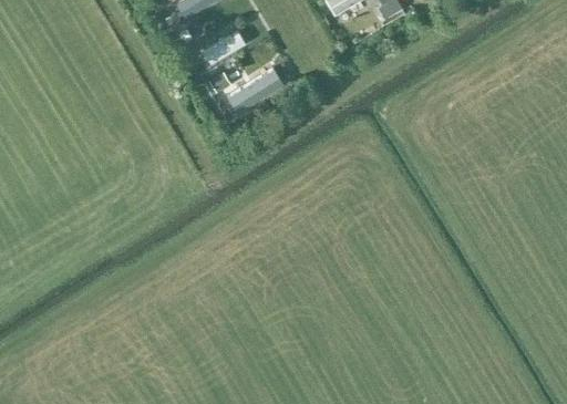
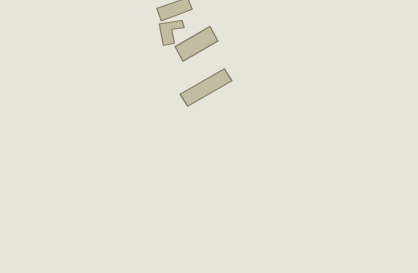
building: none -> [180,69,232,106]

